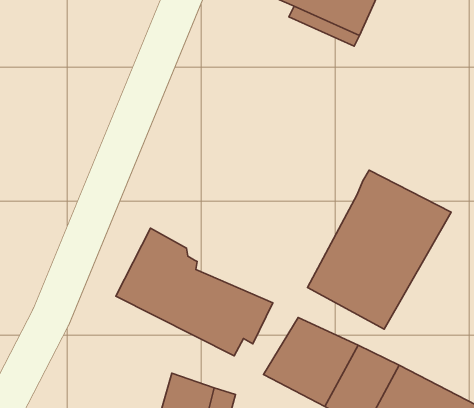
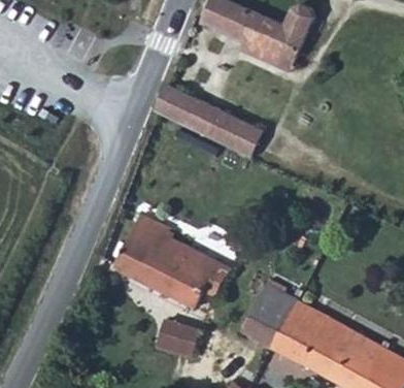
building: none -> [155,82,265,158]
building: [308,170,451,329] -> none

